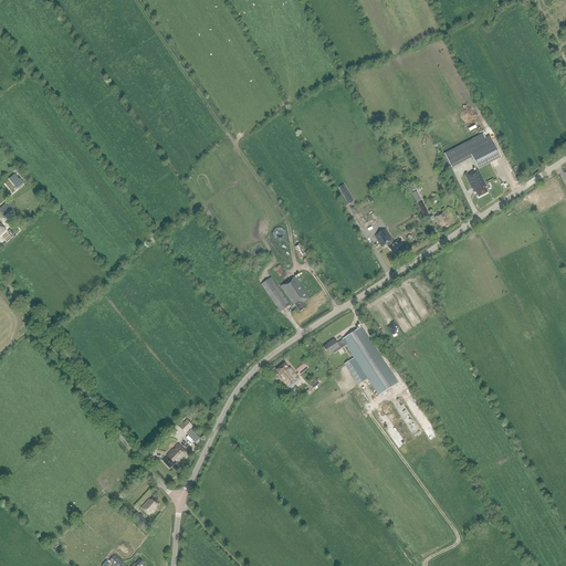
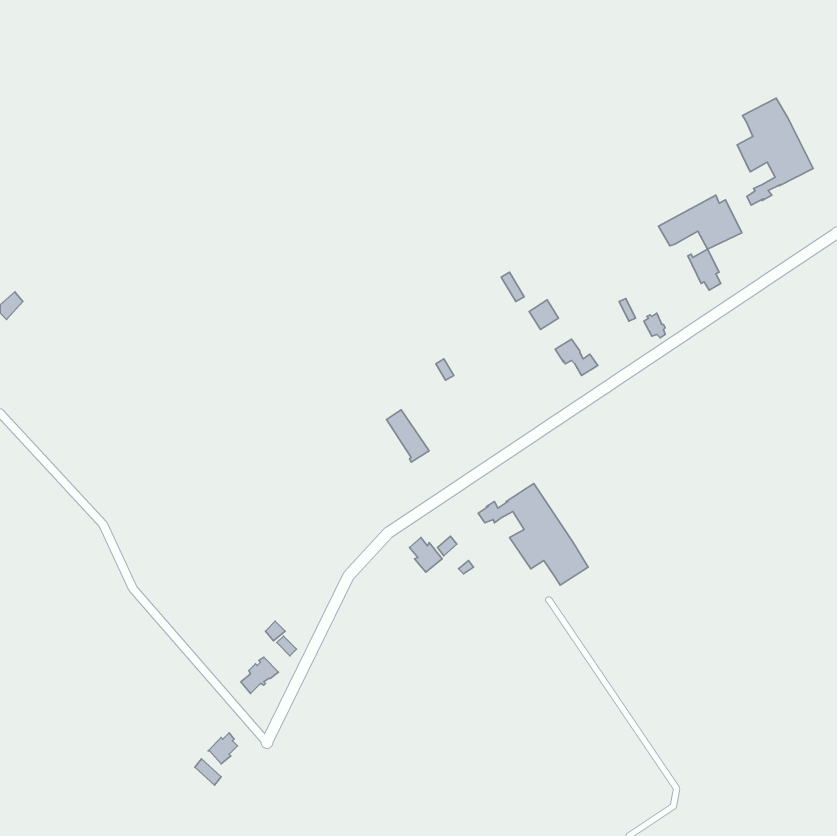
building: none -> [737,98,813,205]
building: [280,275,310,311] -> none

